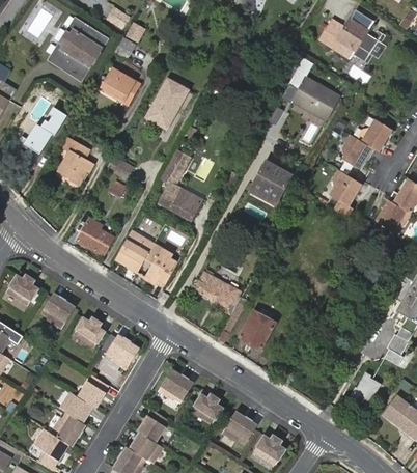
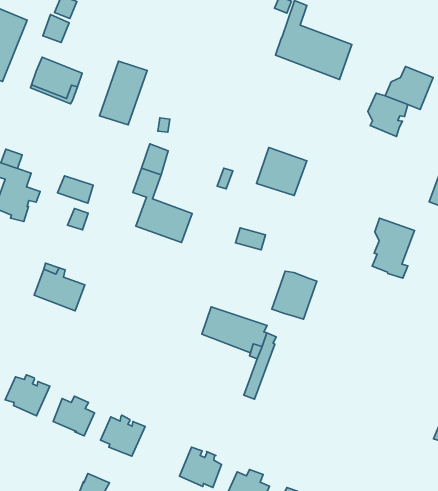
building: [326,170,361,217] -> [372,218,414,278]
building: [114,229,177,287] -> none
building: [239,310,275,347] -> [272,271,317,319]

